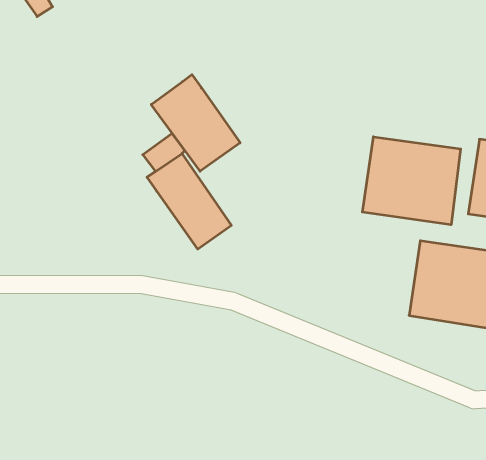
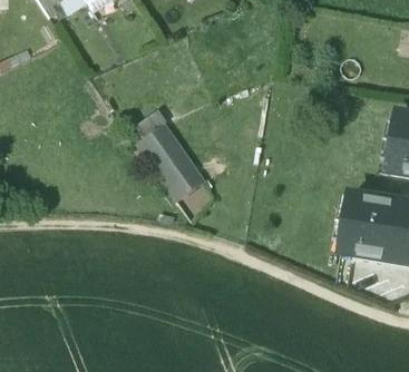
building: [151,75,240,171] -> none
building: [362,137,461,225] -> none

